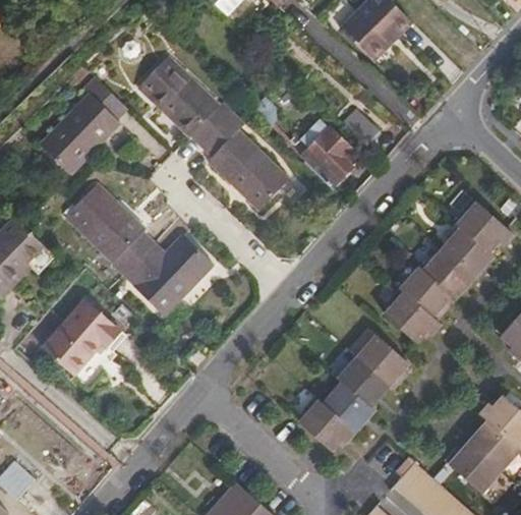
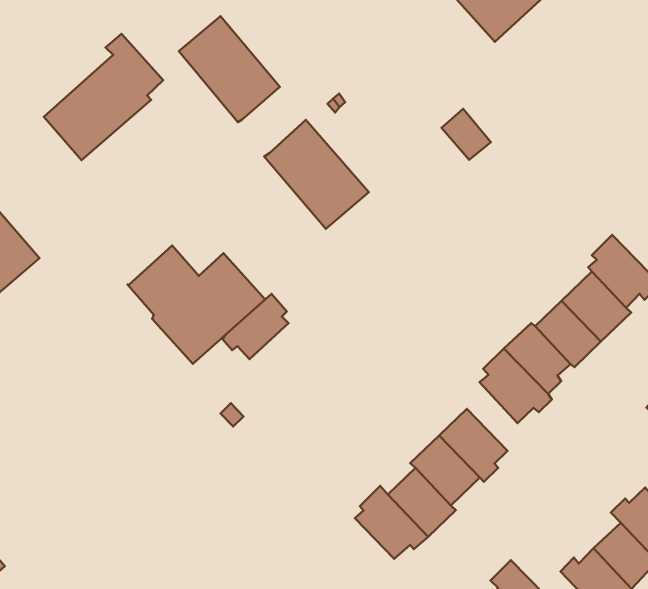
building: [190,105,242,157] -> none
building: [300,120,354,188] -> none
building: [67,184,146,263] -> none
building: none -> [222,294,288,359]
building: [41,296,120,373] -> none

